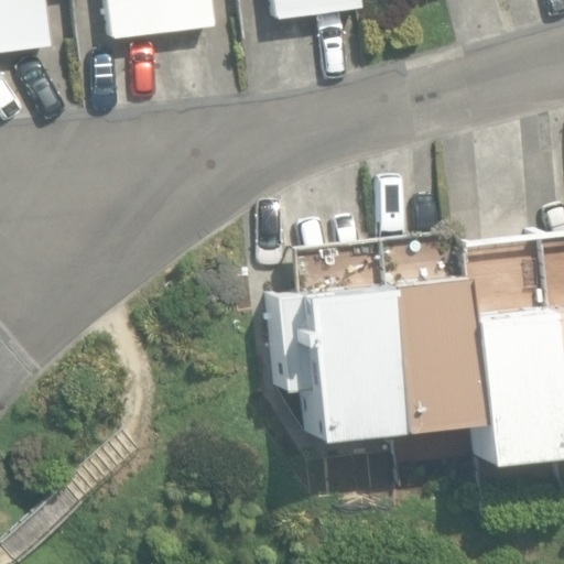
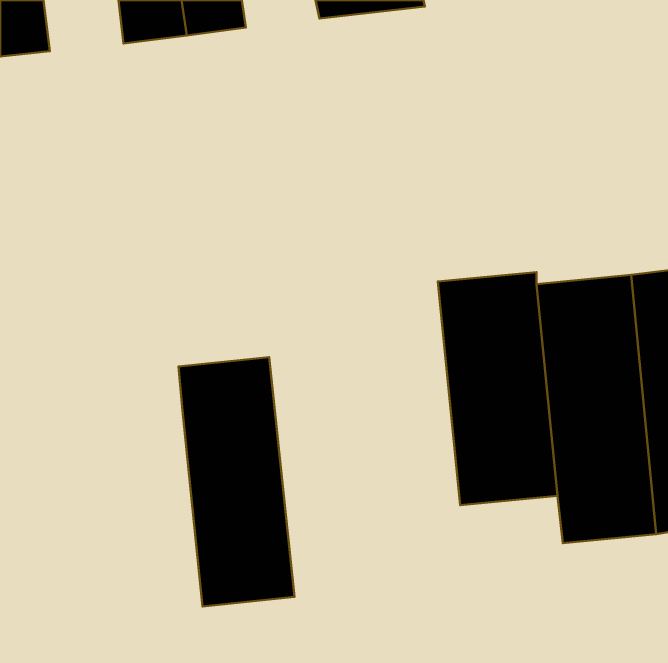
building: [265,243,389,440] -> none
building: none -> [179,357,294,607]

